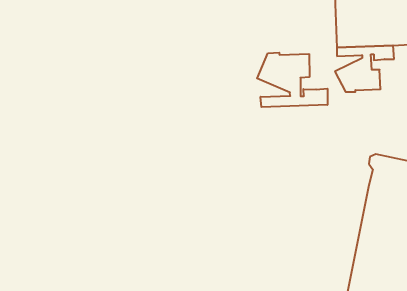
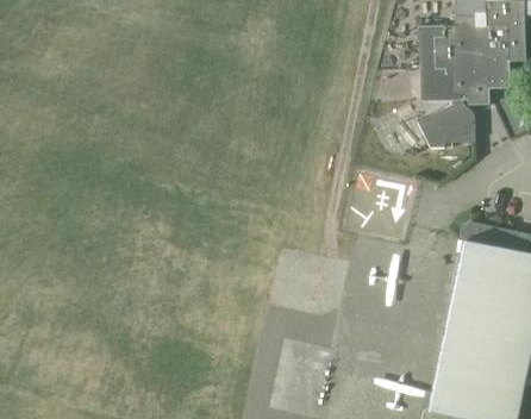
building: [257,53,327,107] -> none

